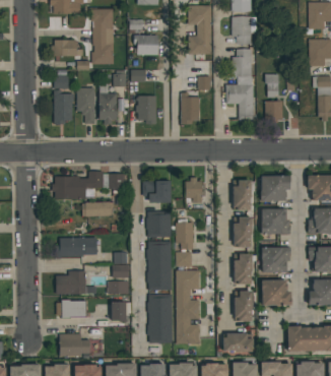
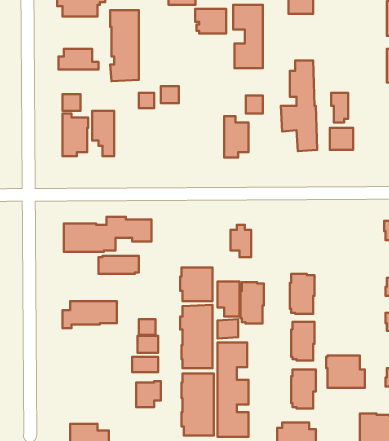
building: [231,16,257,45] -> none
building: [134,36,158,55] -> [195,9,226,34]
building: [98,84,117,124] -> none
building: [136,96,156,124] -> none
building: [260,176,290,201] -> none
building: [233,179,251,211] -> [240,282,264,323]
building: [143,181,171,203] -> none
building: [261,208,290,236] -> none
building: [261,247,290,273] -> none
building: [56,271,96,295] -> none
building: [57,299,86,318] -> none

